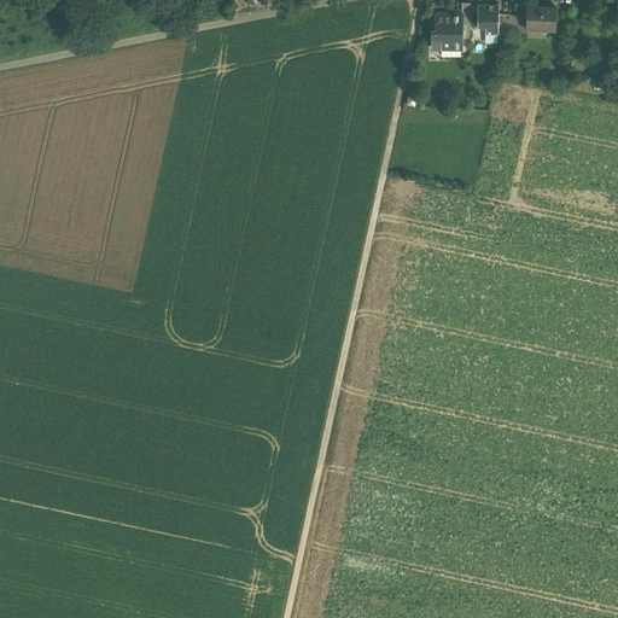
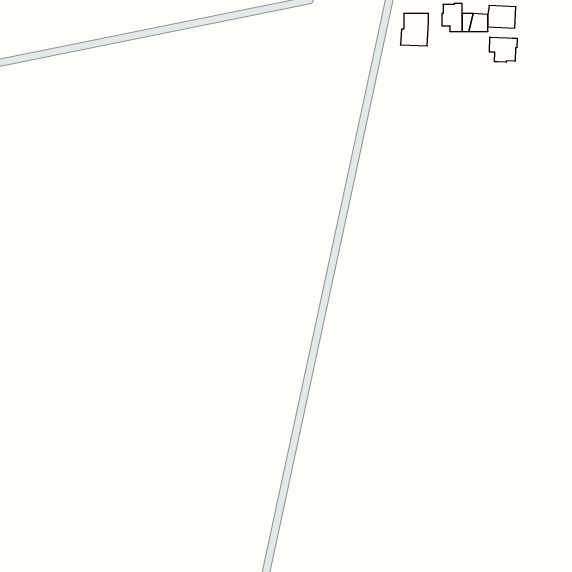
building: none -> [489,37,517,62]

